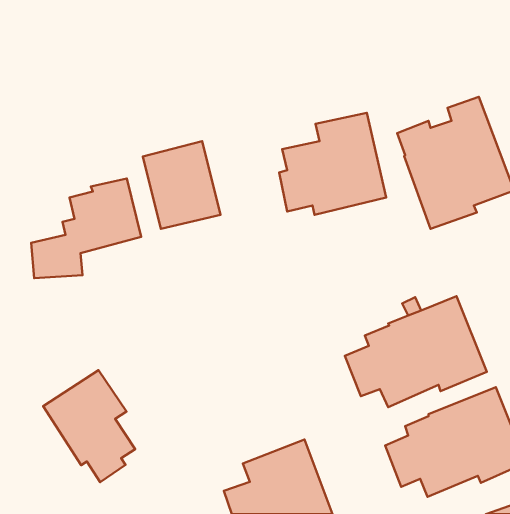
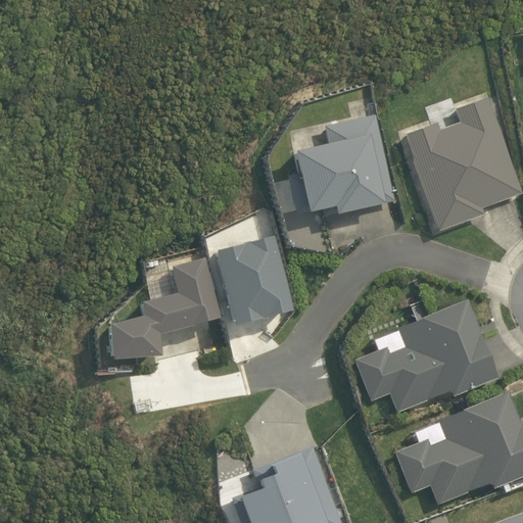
building: [143,141,220,229] -> [212,236,291,325]
building: [31,178,141,278] -> [106,258,218,360]
building: [43,370,135,482] -> none

